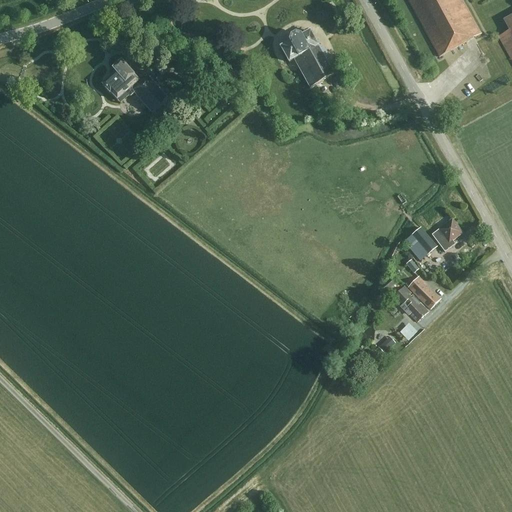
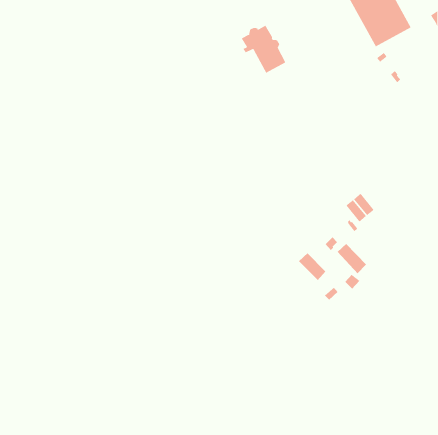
building: [103,59,168,111] -> none
building: [431,217,463,250] -> none
building: [408,275,441,308] -> [298,253,326,281]

